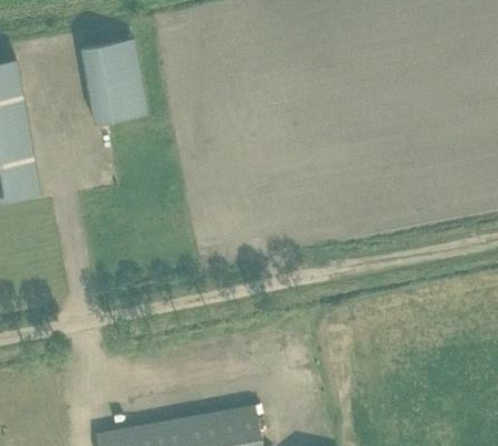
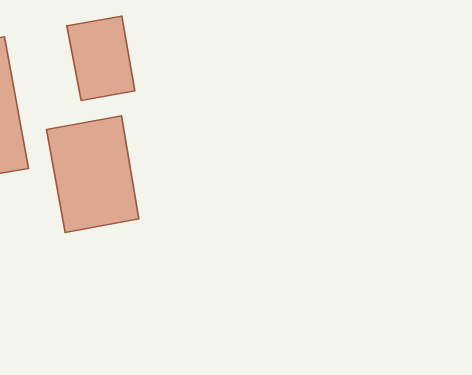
building: none -> [47,116,139,232]

